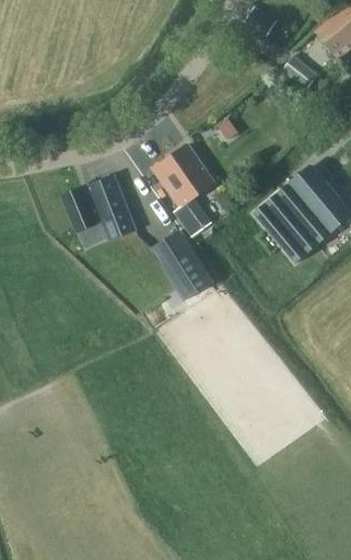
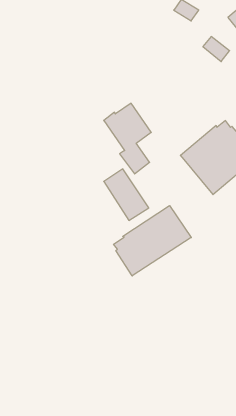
building: [60,176,134,241] -> none
building: none -> [114,206,191,276]

